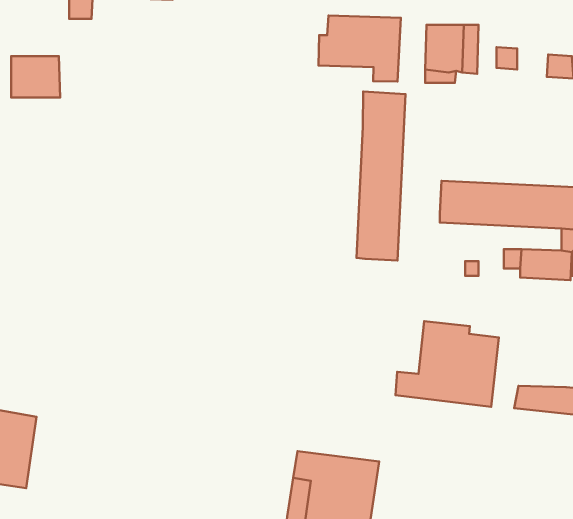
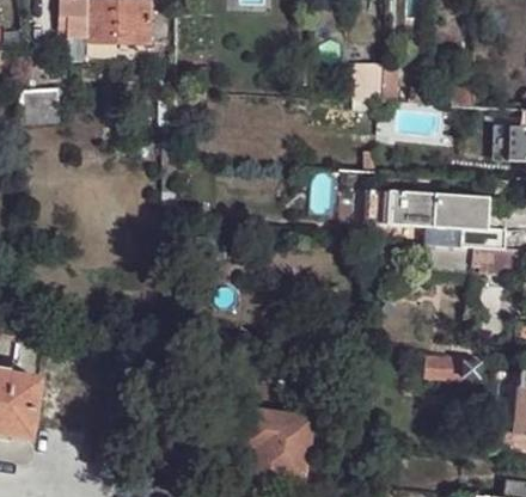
building: [319,15,401,82] -> none
building: [357,91,405,260] -> none
building: [395,321,499,407] -> none

